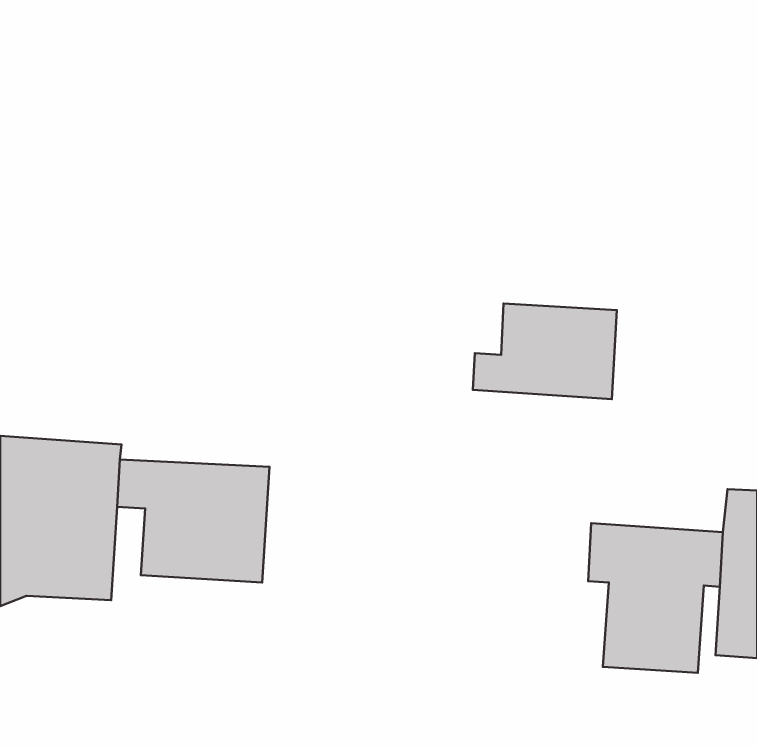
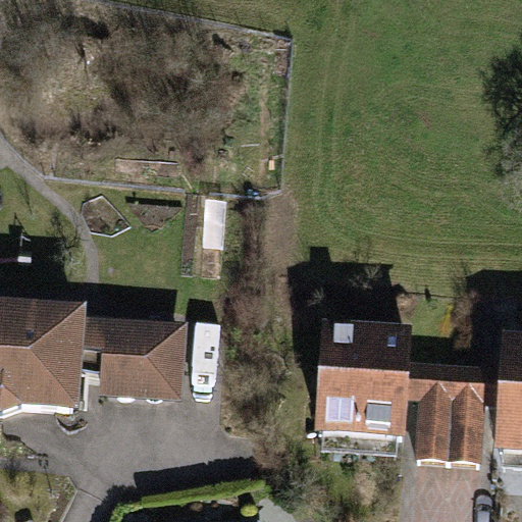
building: [473,304,617,399] -> none
building: none -> [314,324,408,438]

